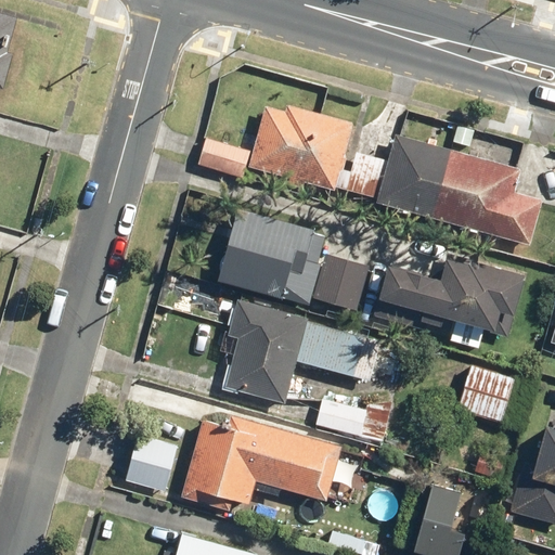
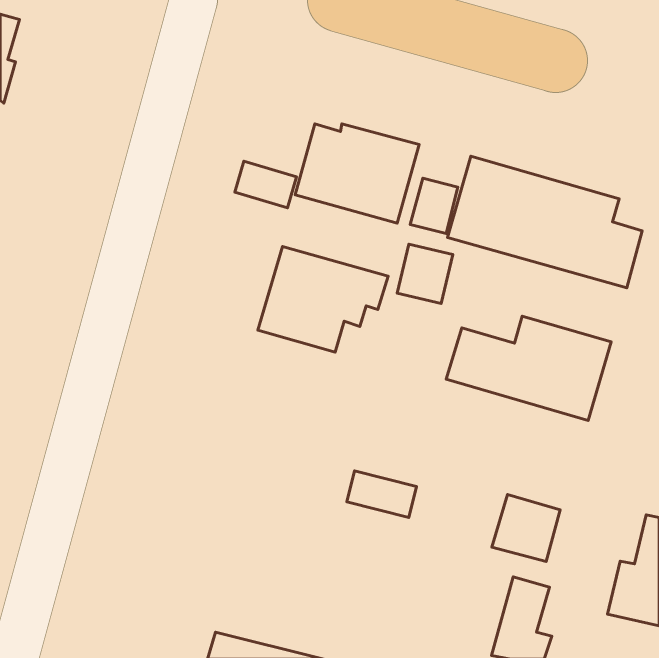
building: [324,268,371,318] -> [397,244,453,304]
building: [224,297,380,401] -> none
building: [456,363,514,420] -> [492,494,560,561]
building: [183,417,336,512] -> none
building: [127,436,178,488] -> none

